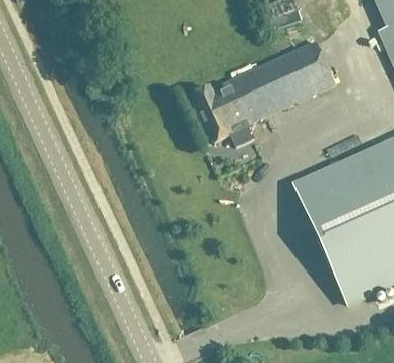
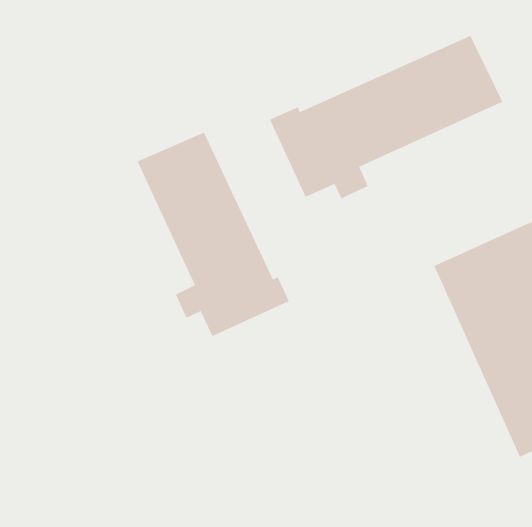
building: none -> [137,132,290,337]

